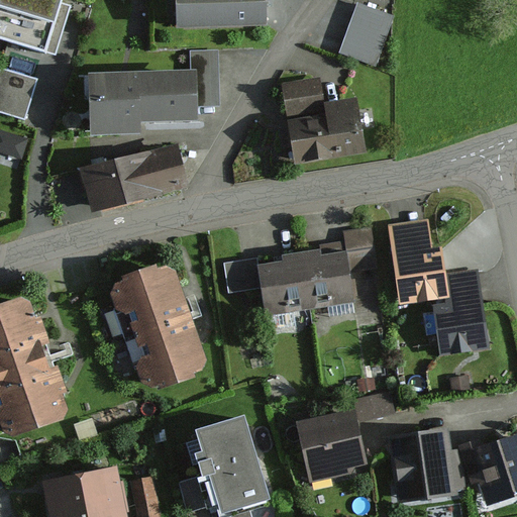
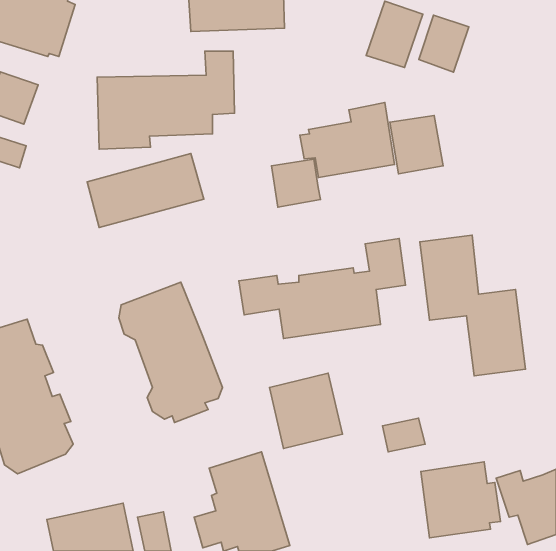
building: none -> [419,15,469,72]
building: [280,76,325,120] -> [271,159,320,207]
building: none -> [390,115,443,174]
building: [296,408,364,478] -> [269,373,342,448]

